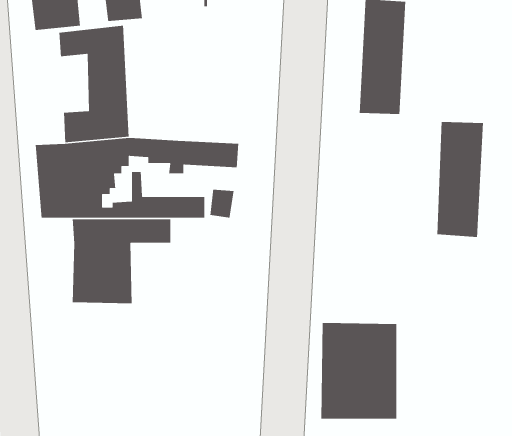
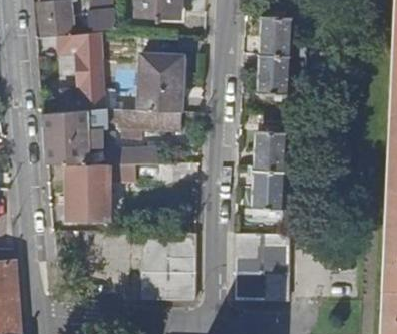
building: none -> [138,53,179,113]
building: [436,121,484,238] -> [255,130,287,210]
building: none -> [141,234,194,300]

